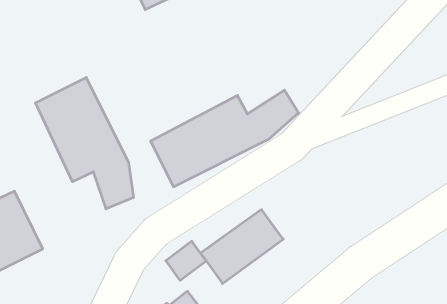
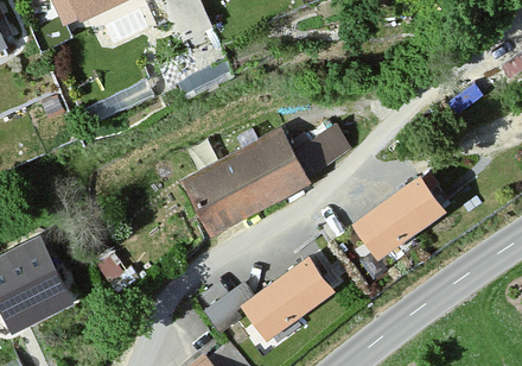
building: [35,77,134,209] -> none
building: none -> [355,176,444,255]

